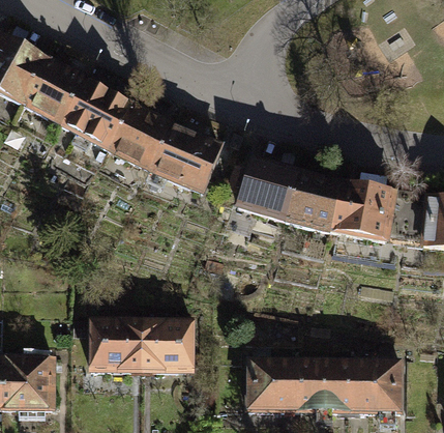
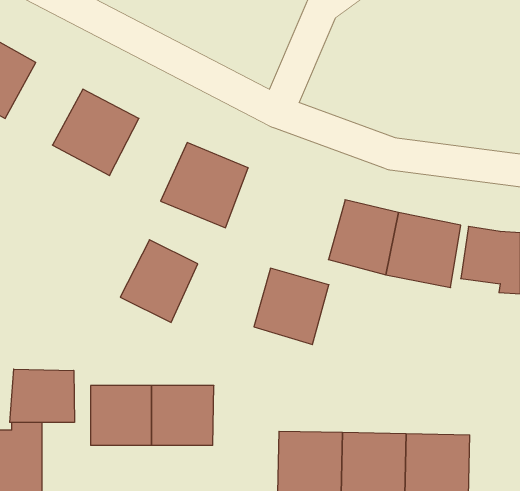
building: [23,57,86,124] -> none
building: [108,103,171,170] -> [120,240,198,322]
building: [238,155,299,218] -> [254,268,329,345]
building: none -> [10,369,74,422]

